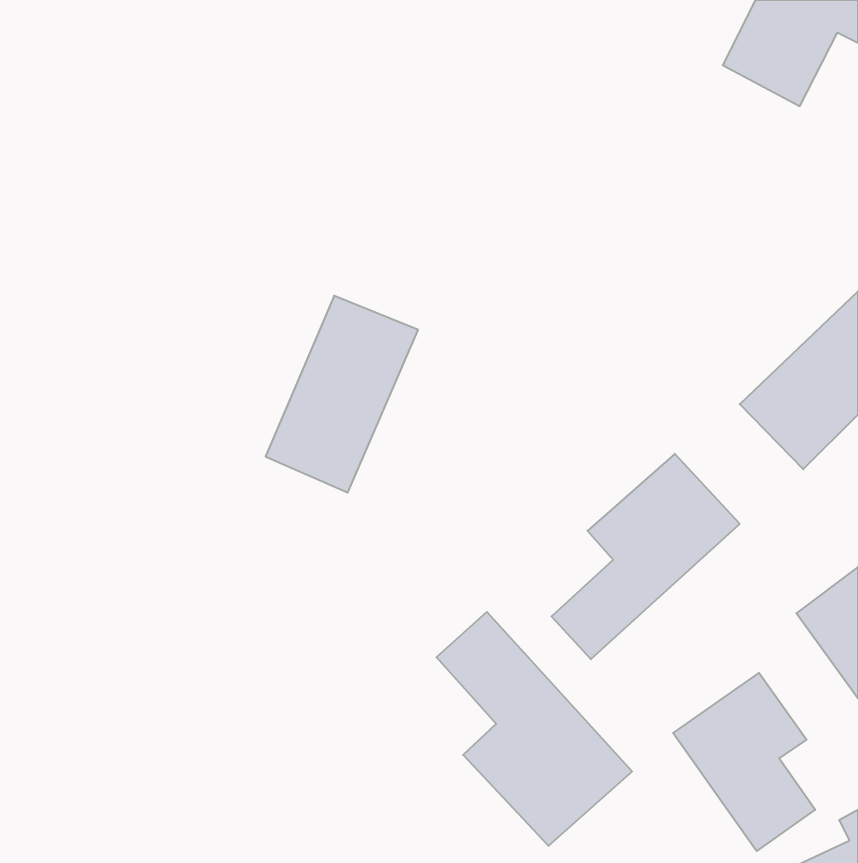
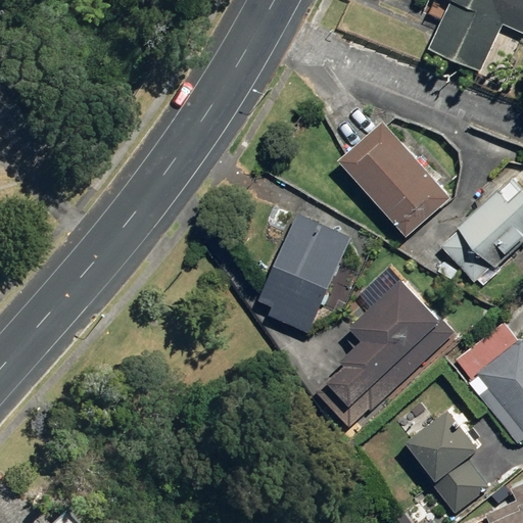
building: none -> [340,120,453,237]
building: [266,296,418,493] -> [256,217,347,334]
building: [436,612,632,846] -> none

